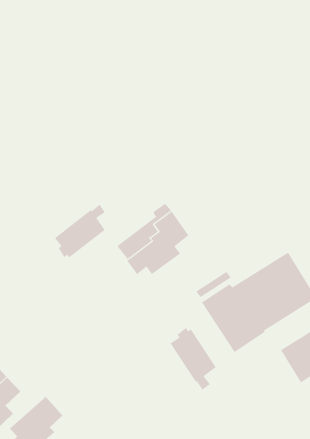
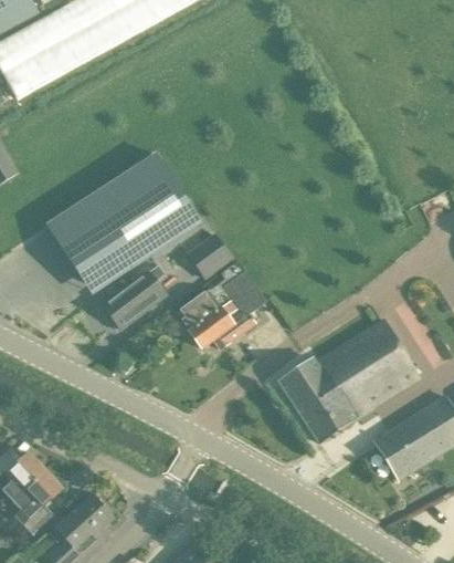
building: none -> [45,155,201,289]
building: none -> [187,233,230,277]
building: [170,327,216,391] -> none

